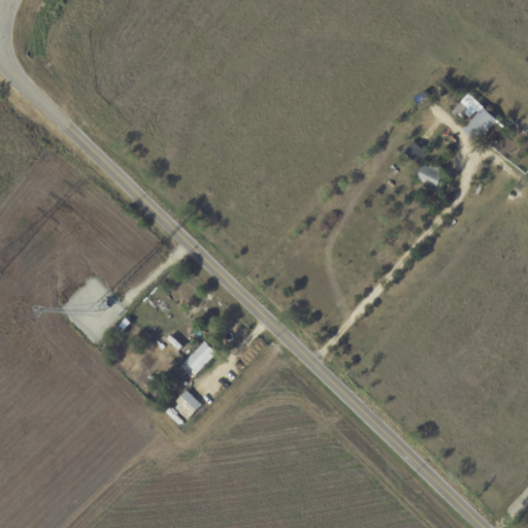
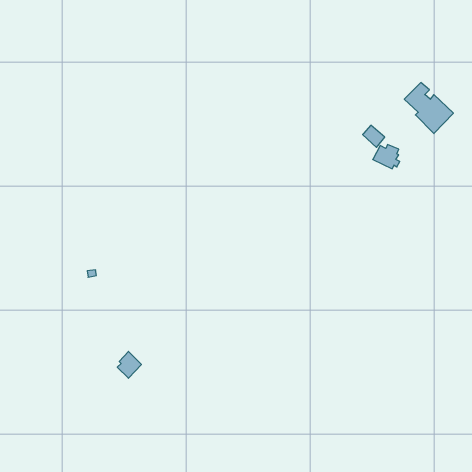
building: [179,339,217,376] -> none
building: [173,389,200,419] -> [117,351,141,378]

